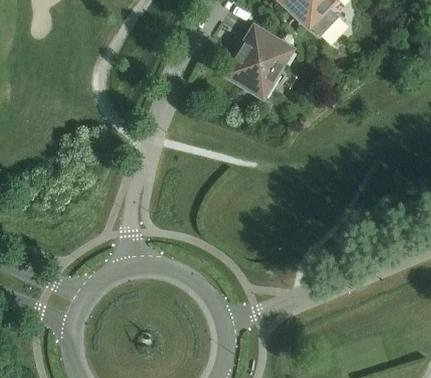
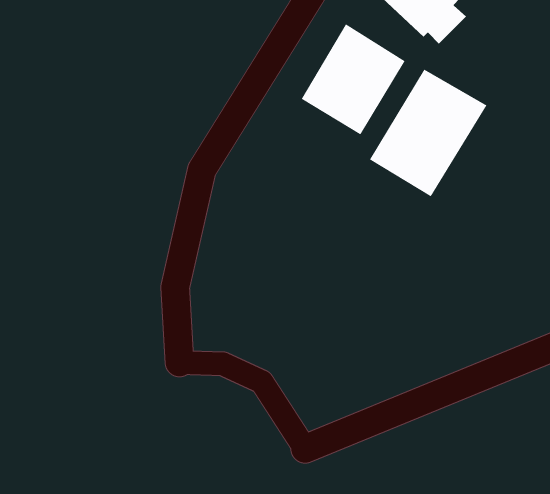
building: none -> [369,69,487,197]

